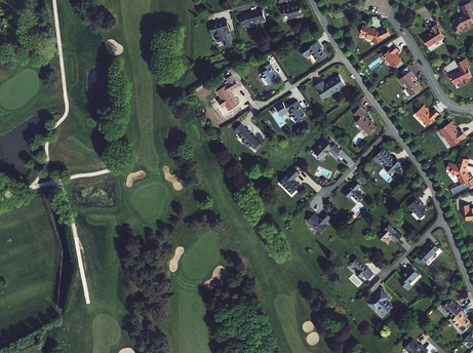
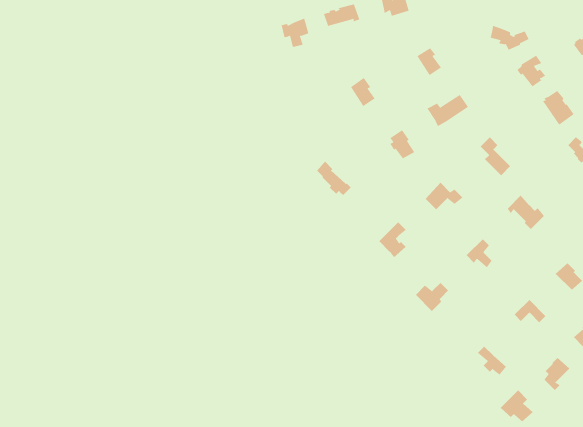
building: [215,75,239,111] -> none

